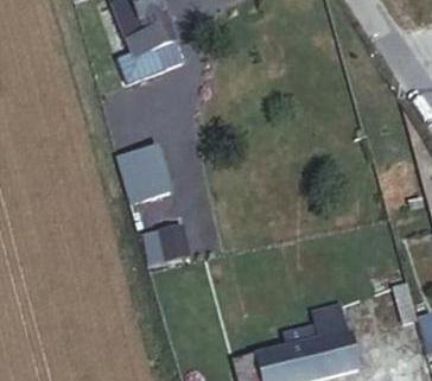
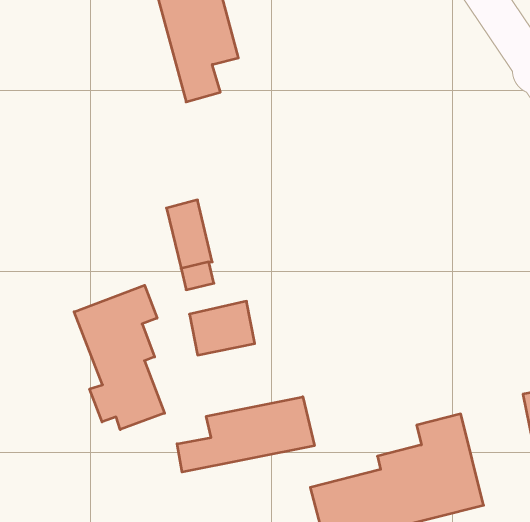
building: none -> [74,285,165,430]
building: none -> [177,397,314,472]

